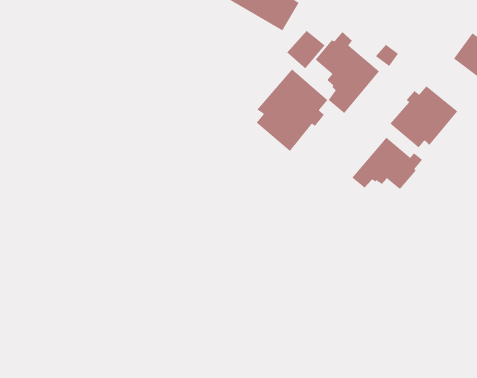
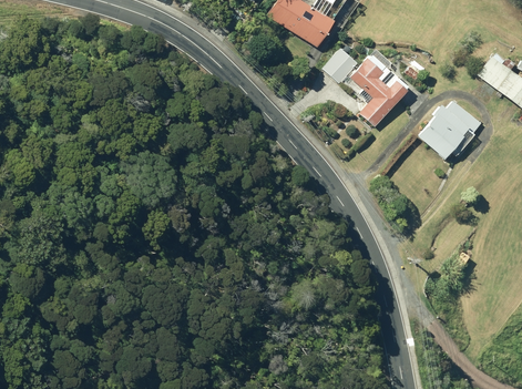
building: [256,69,328,152] -> none
building: [351,137,423,190] -> none

